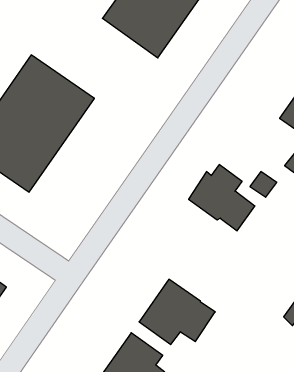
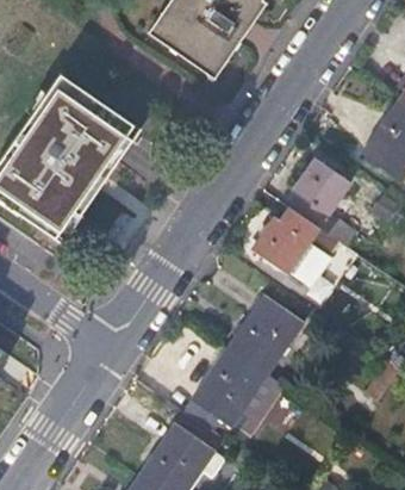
building: none -> [288,156,350,228]
building: none -> [228,294,301,372]

